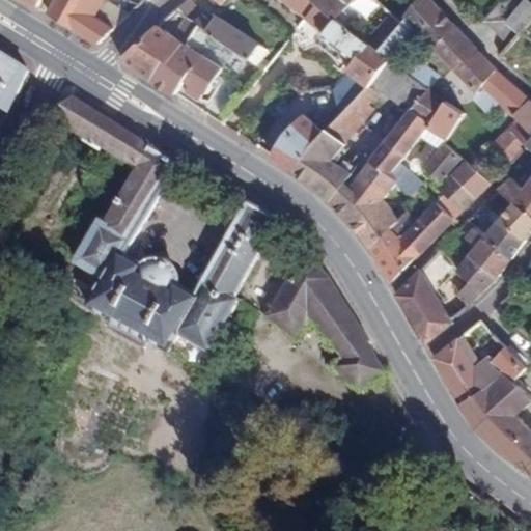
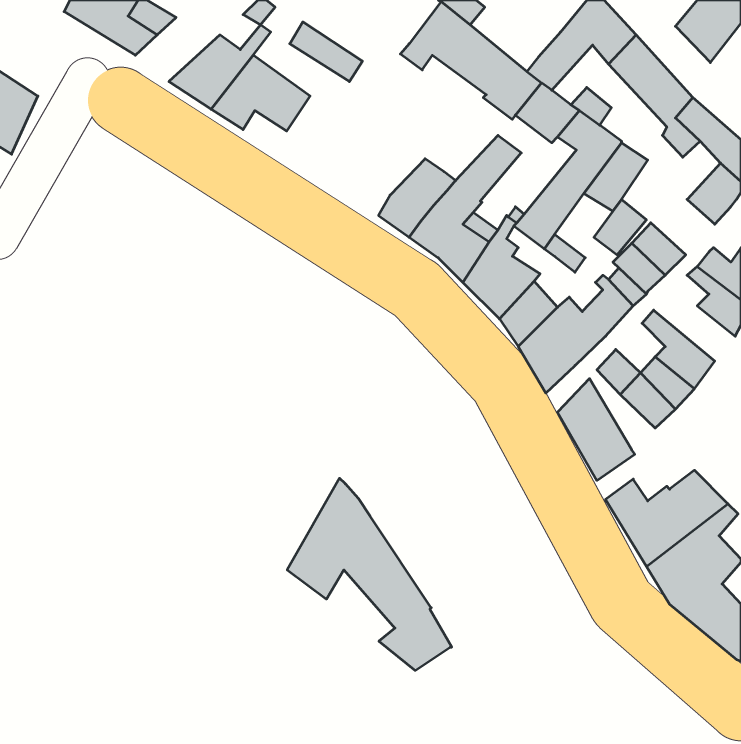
building: [48,94,275,372] -> none
building: [466,205,524,257] -> none
building: [267,251,384,388] -> [287,478,452,670]

